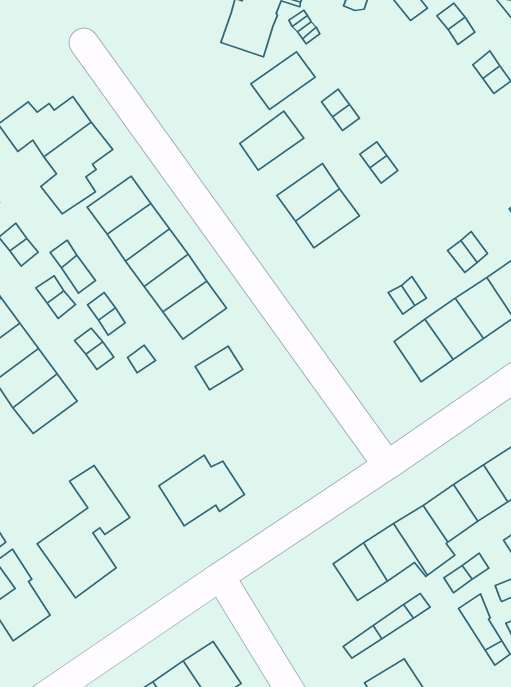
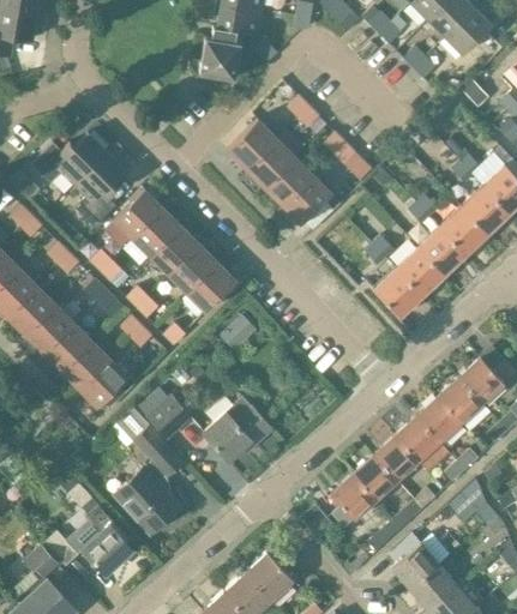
building: [251,52,315,109] -> [245,138,295,187]
building: none -> [146,392,193,440]
building: none -> [331,474,377,526]

